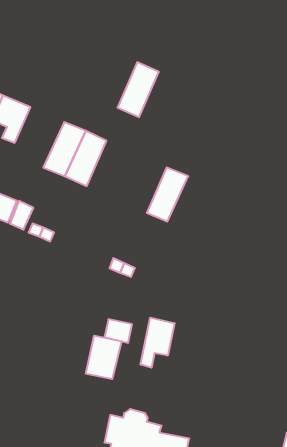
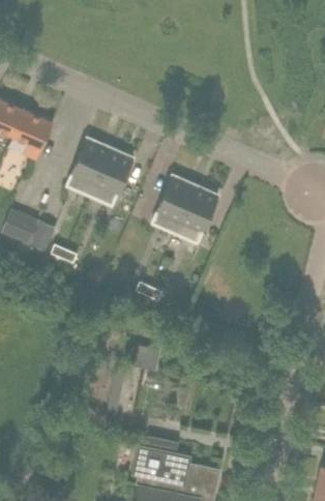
building: [117,62,159,117] -> [152,176,196,234]
building: [140,318,175,368] -> none
building: [86,336,121,379] -> none

